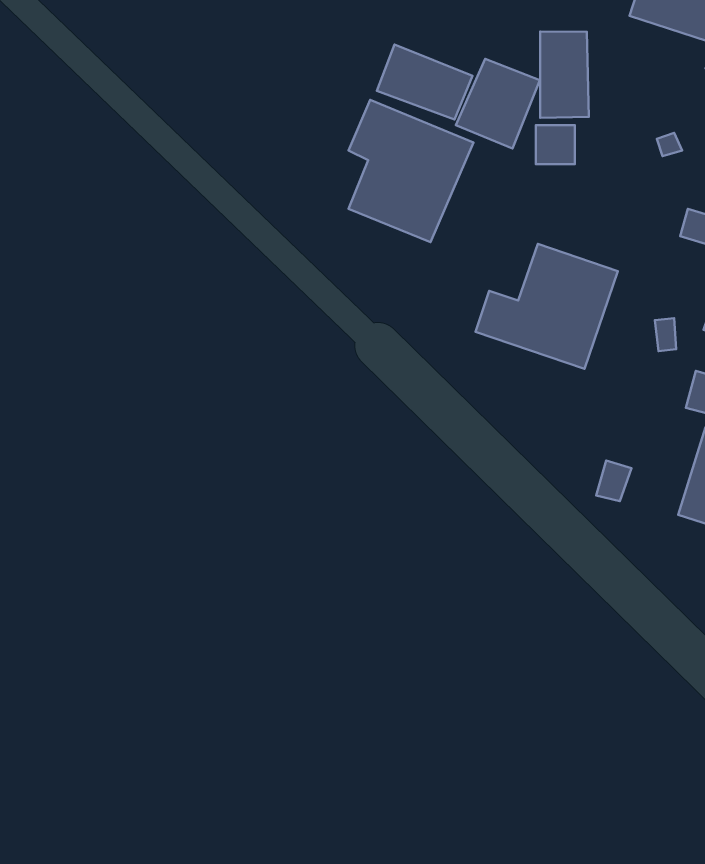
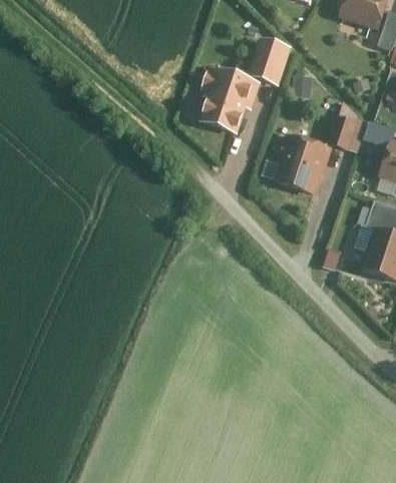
building: [540,31,589,118] -> none
building: [377,44,472,120] -> none
building: none -> [324,108,362,146]

